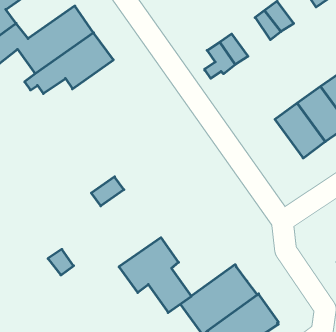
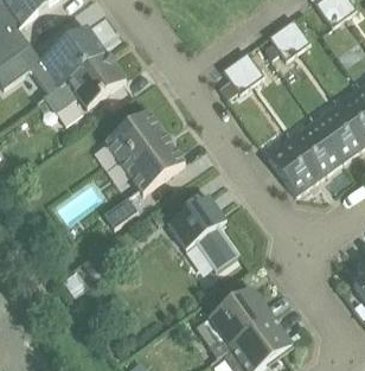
building: none -> [103,109,185,193]
building: none -> [265,139,318,194]
building: [119,238,191,313] -> [165,194,238,270]

